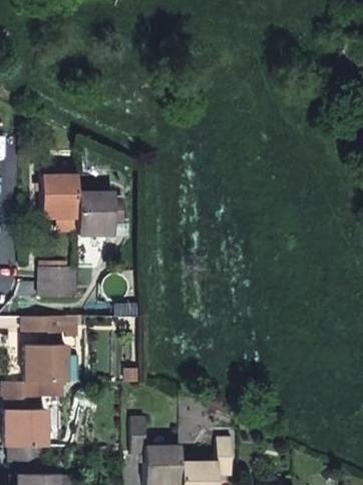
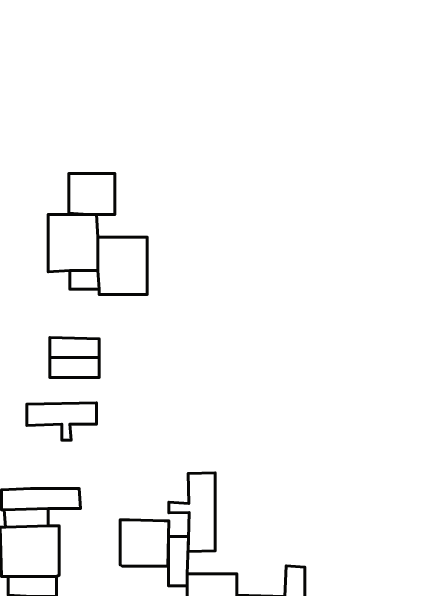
building: none -> [69,173,115,214]
building: [27,345,66,381] -> none
building: none -> [169,473,215,551]
building: none -> [120,520,169,566]

